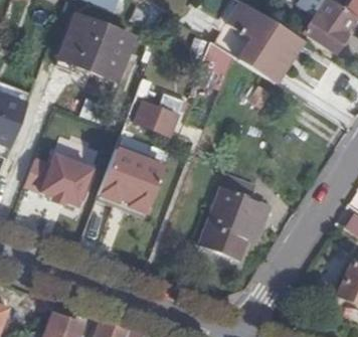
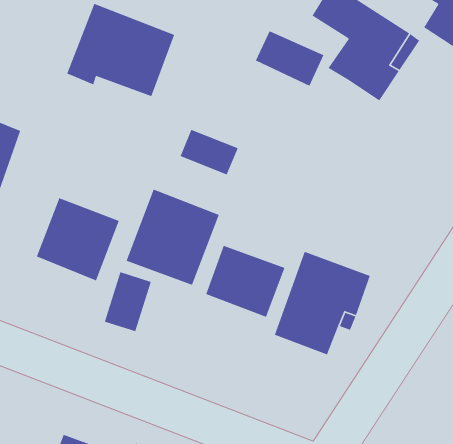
building: none -> [205,245,286,318]

